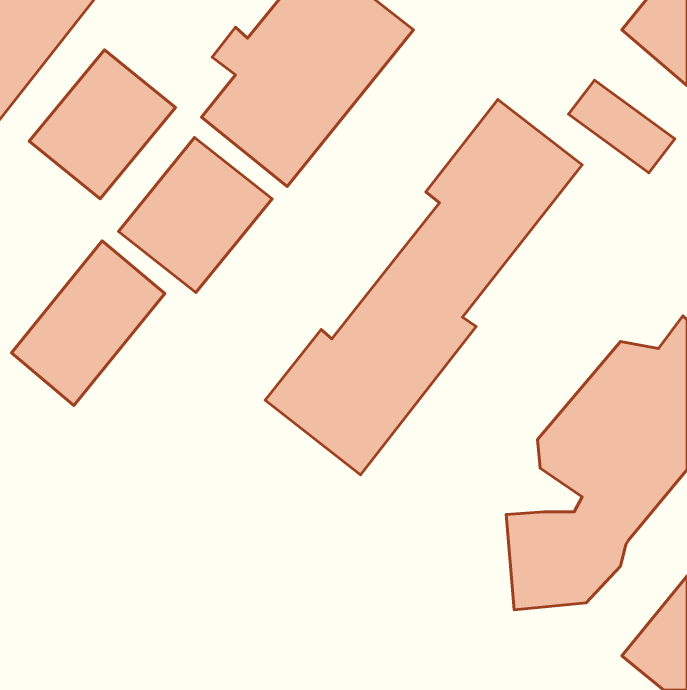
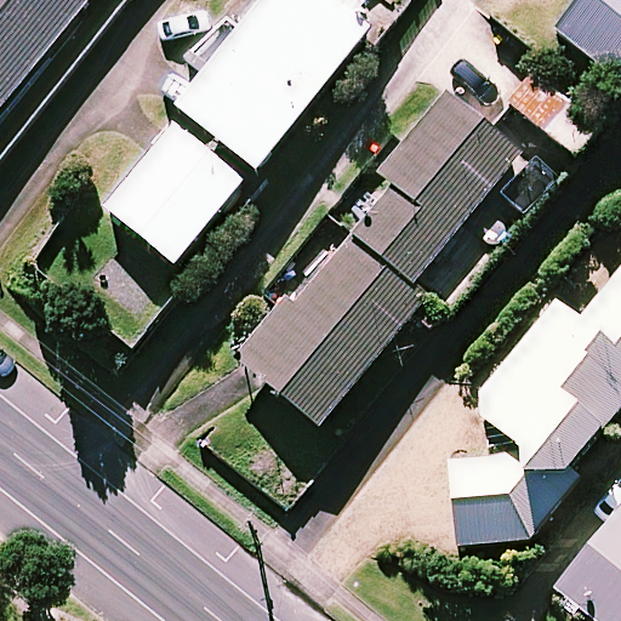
building: [29,50,175,199] -> none
building: [11,241,165,405] -> none

